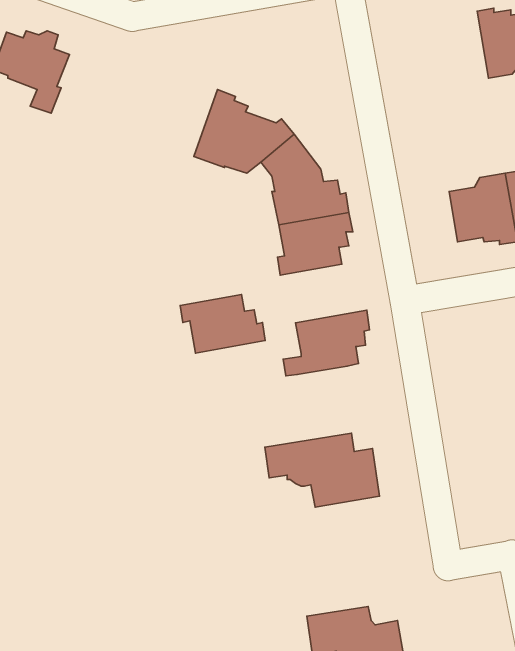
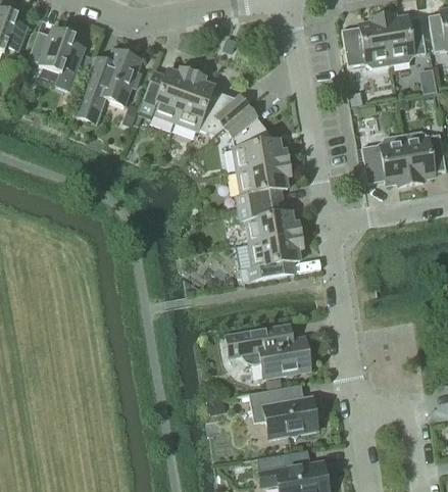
building: none -> [342,15,391,67]
building: none -> [73,48,142,124]
building: none -> [139,67,193,121]
building: [180,294,265,353] -> [239,200,301,243]
building: none -> [250,385,318,440]

